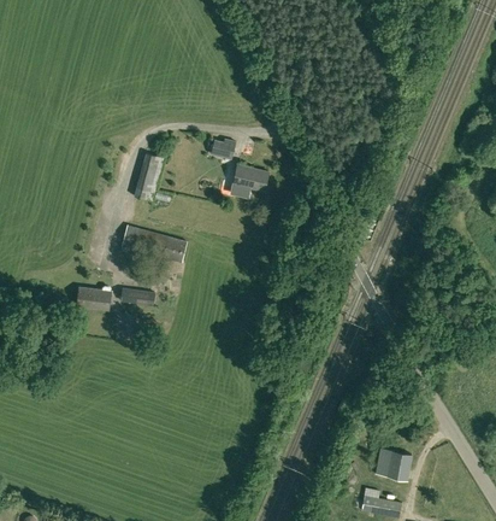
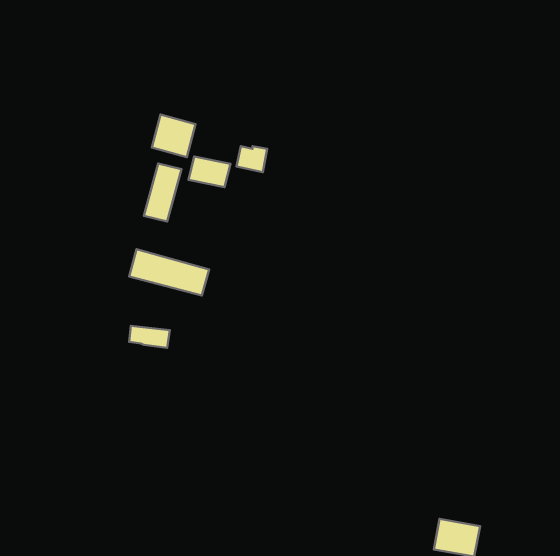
building: none -> [152,115,195,157]
building: [232,165,267,191] -> [188,157,230,187]
building: [76,287,110,310] -> none

